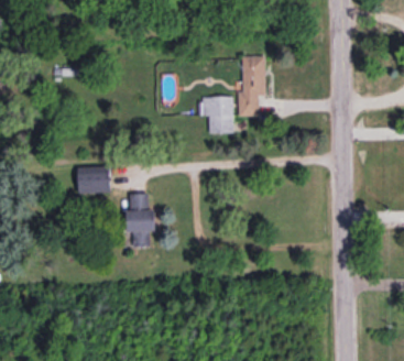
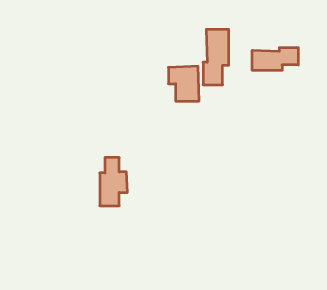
building: none -> [252,48,298,70]
building: [77,166,112,192] -> none

